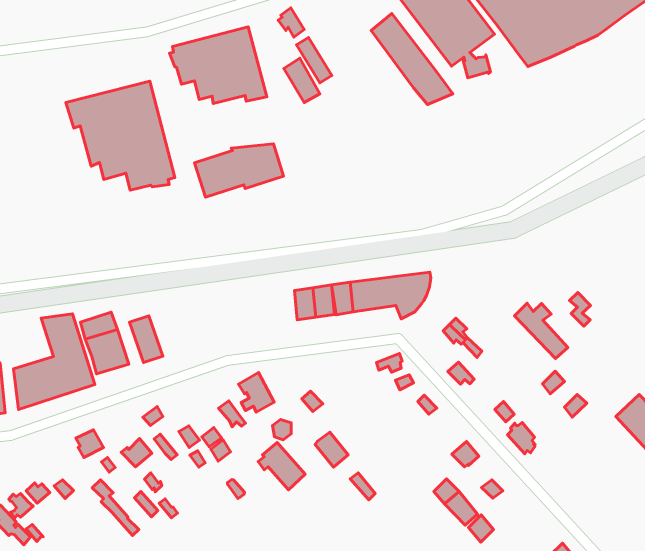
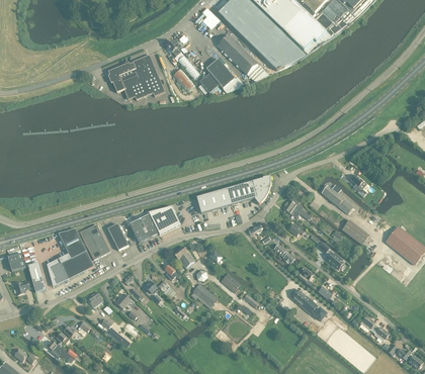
building: none -> [197,58,244,93]
building: [66,81,175,190] -> none
building: [194,144,283,197] -> [129,205,179,241]

